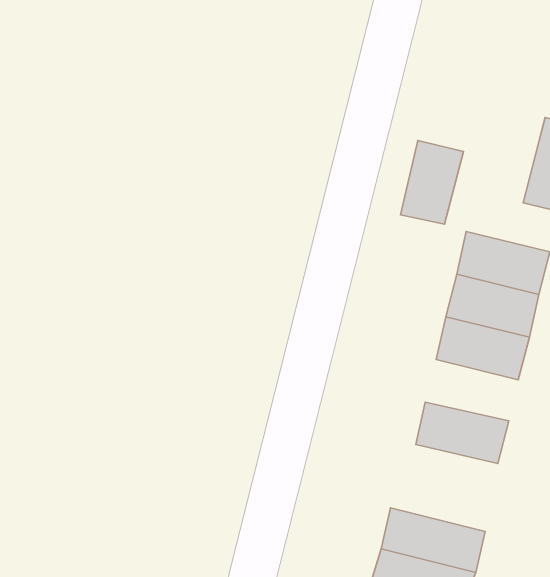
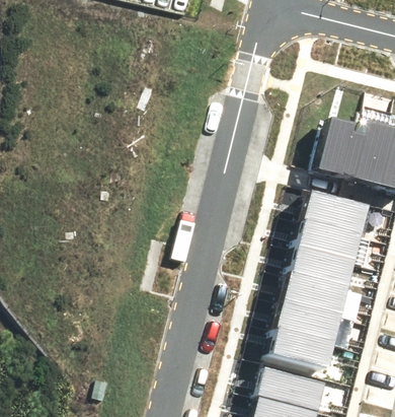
building: [400,140,464,224] -> [321,120,362,173]
building: none -> [287,274,346,314]
building: none -> [273,329,333,368]

